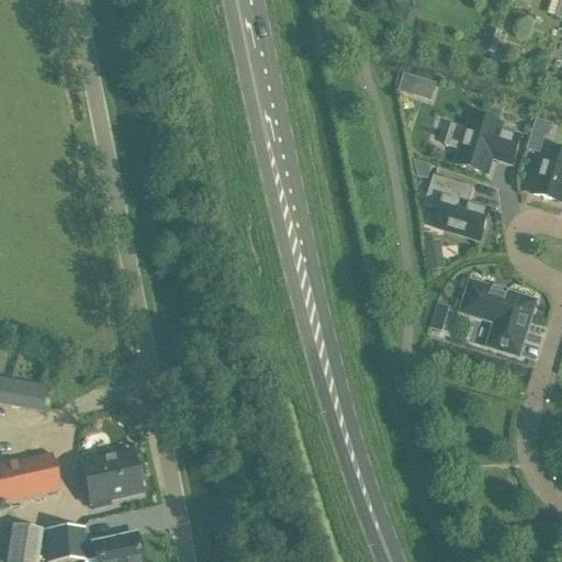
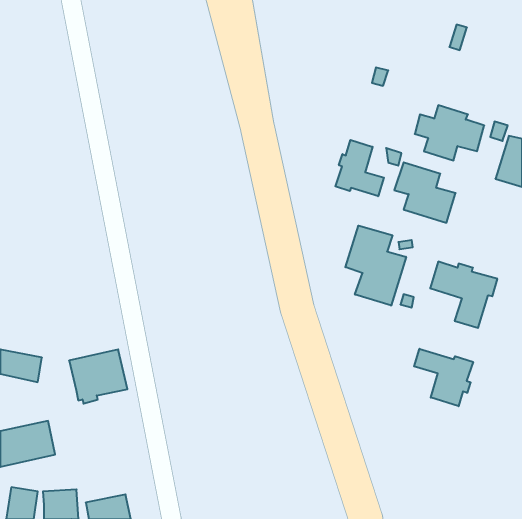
building: none -> [335,140,384,196]
building: none -> [345,226,406,306]
building: none -> [414,349,473,406]
building: [78,449,140,507] -> [69,349,127,404]

